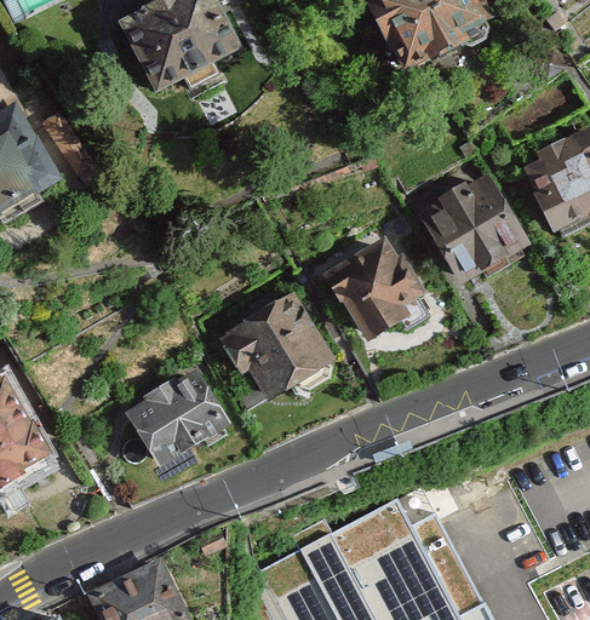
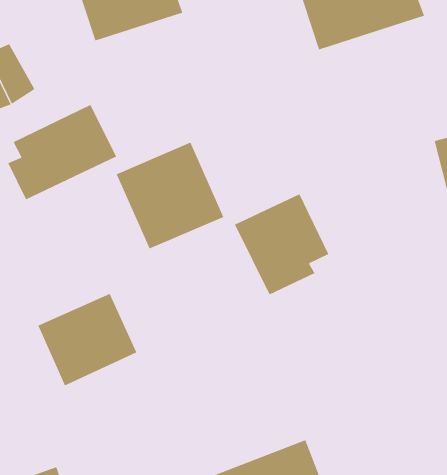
building: none -> [7,104,117,200]
building: [420,174,531,287] -> none
building: [219,291,339,409] -> [116,142,224,249]

